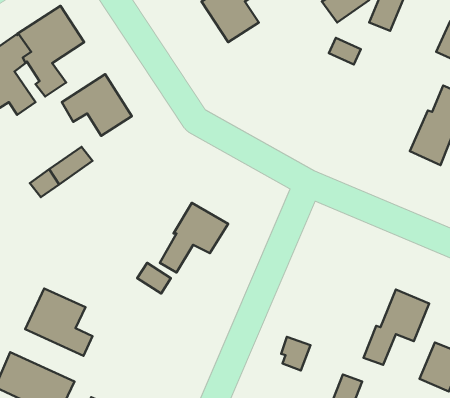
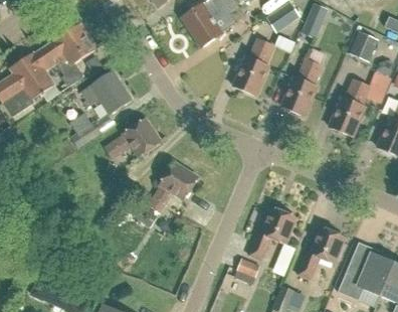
building: none -> [234,37,274,95]
building: none -> [282,57,322,115]
building: none -> [104,118,161,158]
building: none -> [249,206,295,260]
building: [25,288,93,356] -> none

